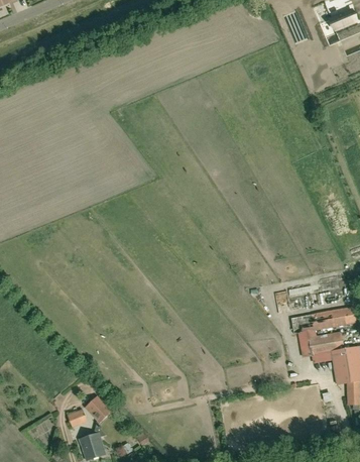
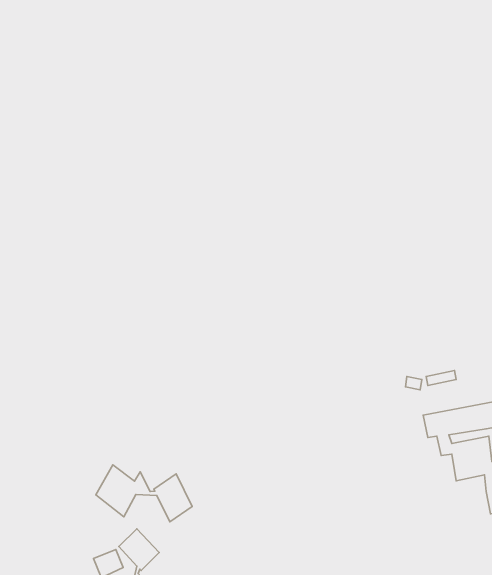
building: none -> [96,465,192,522]

